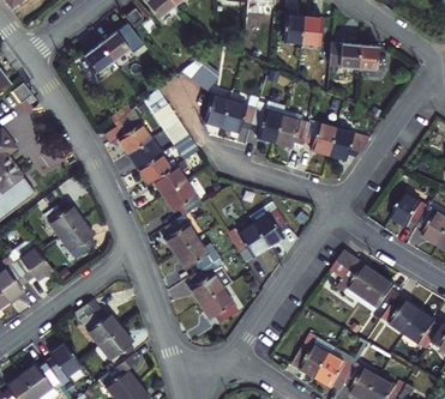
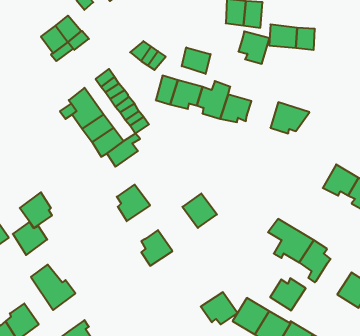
building: none -> [182,47,211,74]
building: [306,119,339,153] -> [238,31,270,64]
building: [164,179,204,214] -> none
building: [47,204,84,240] -> [13,222,47,255]
building: [257,207,293,247] -> none
building: [176,237,216,273] -> none
building: [202,286,241,321] -> [201,292,237,324]
building: [380,298,419,333] -> [270,278,306,310]
building: [97,332,133,373] -> none

